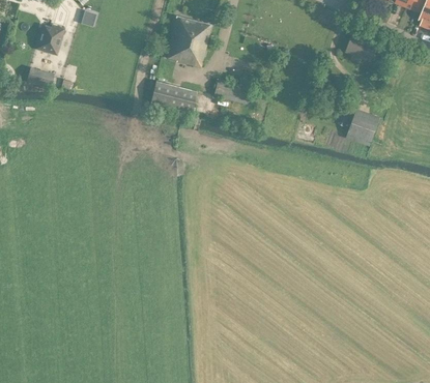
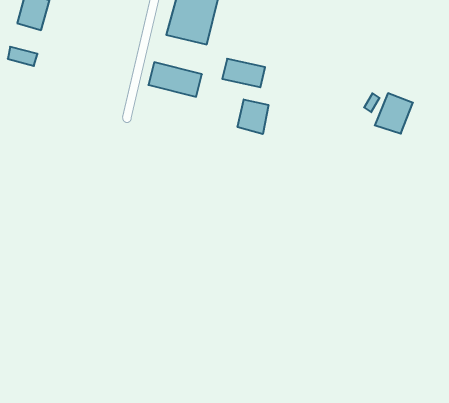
building: [346,35,376,59] -> none
building: none -> [238,99,268,134]

